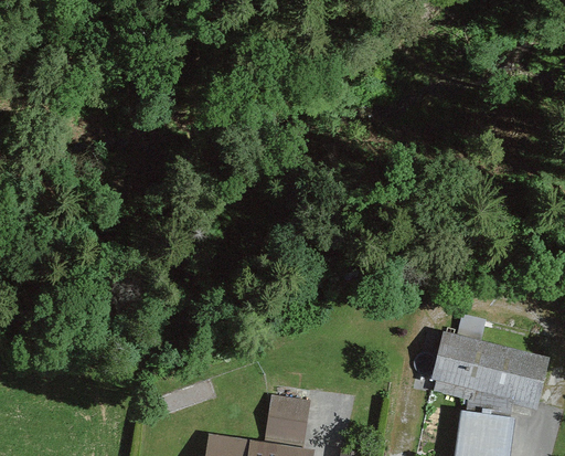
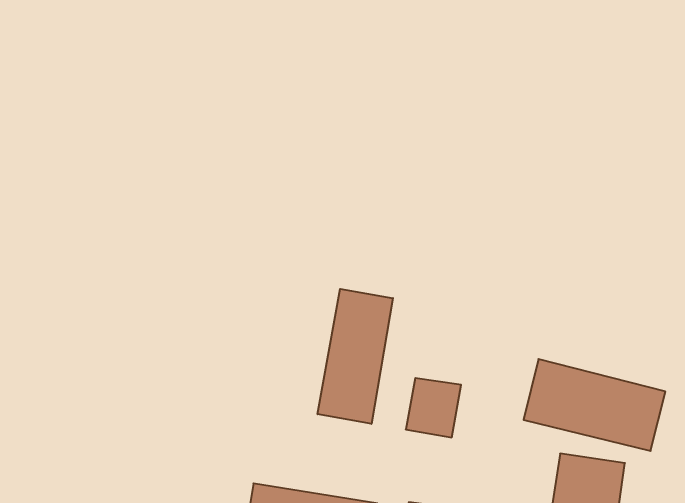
building: none -> [318,289,393,424]
building: [266,397,311,446] -> [406,378,461,437]

